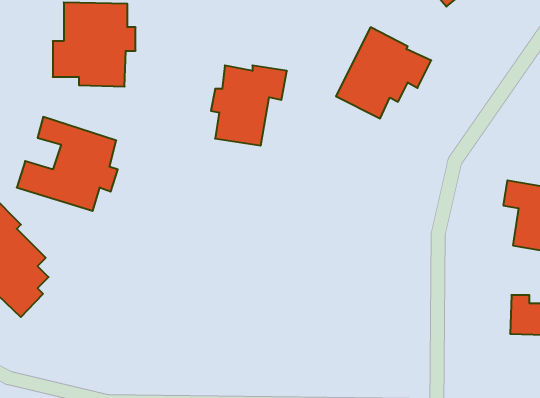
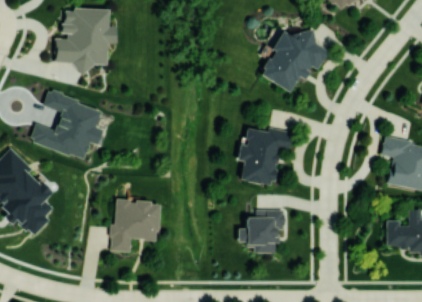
building: [211,65,287,146] -> [237,127,292,185]
building: none -> [110,200,159,251]
building: none -> [238,210,284,252]

